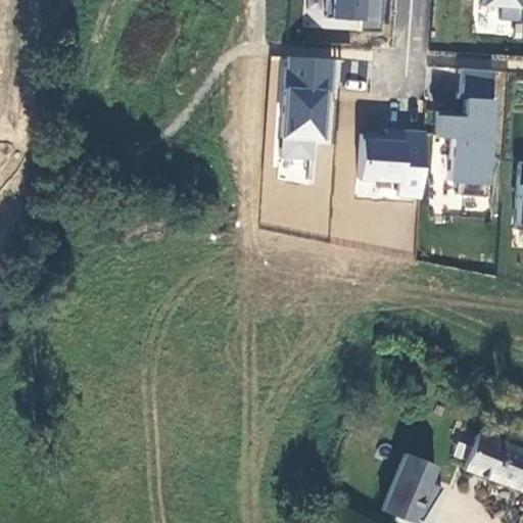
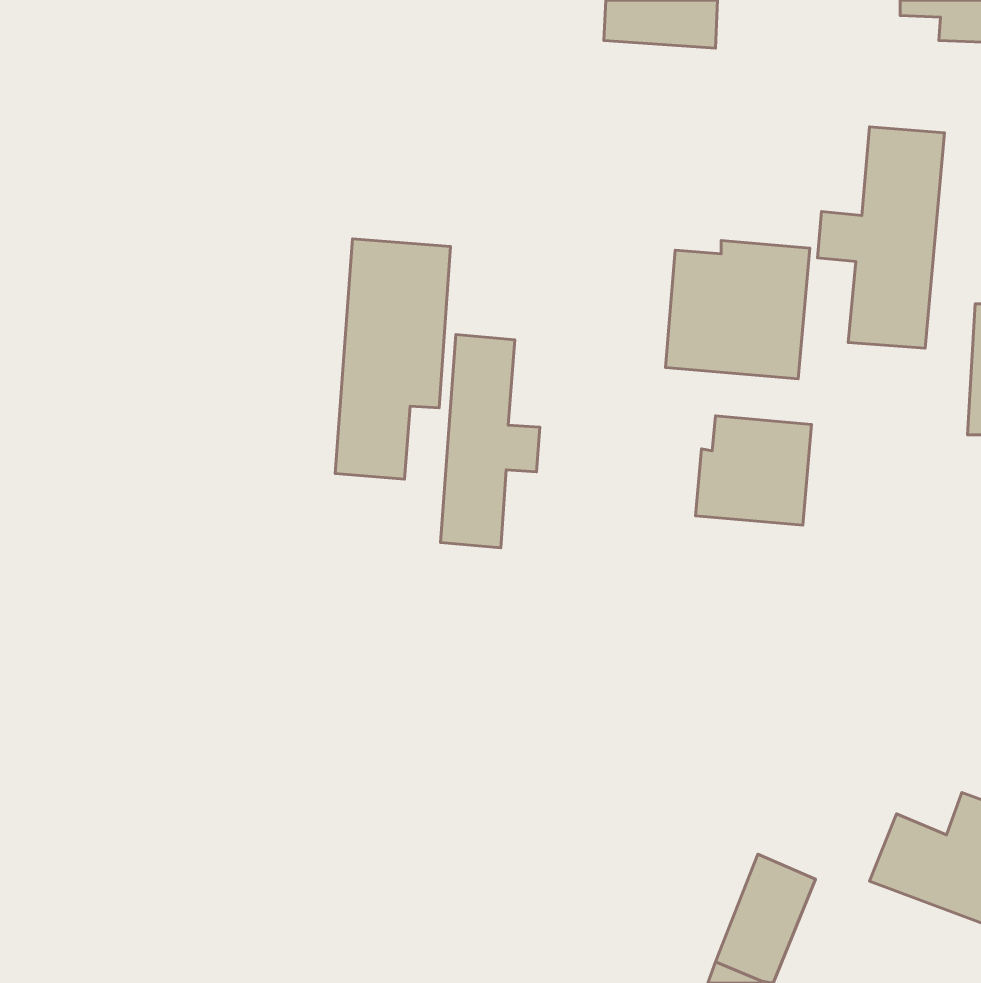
building: [276,54,337,182] -> [335,239,451,479]
building: none -> [441,334,540,548]
building: none -> [696,416,811,525]

